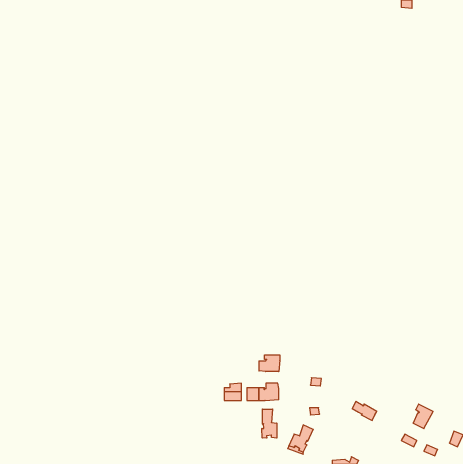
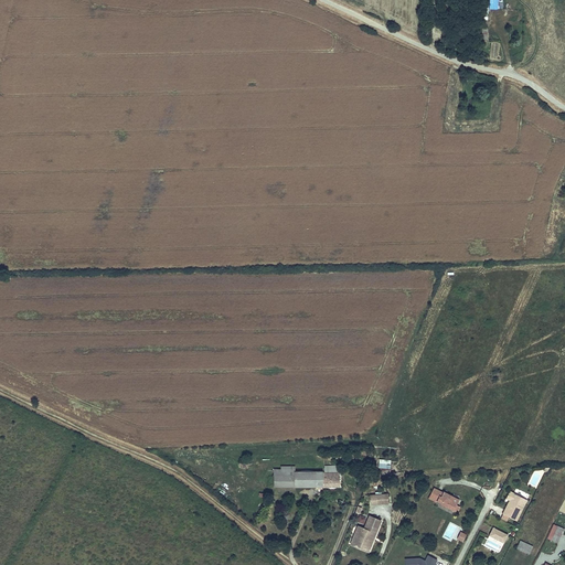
building: [259,355,280,372] -> none
building: [262,409,277,438] -> none

